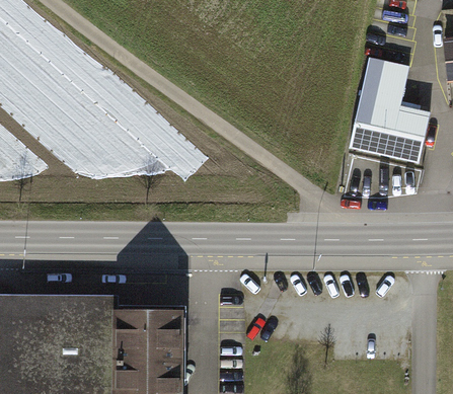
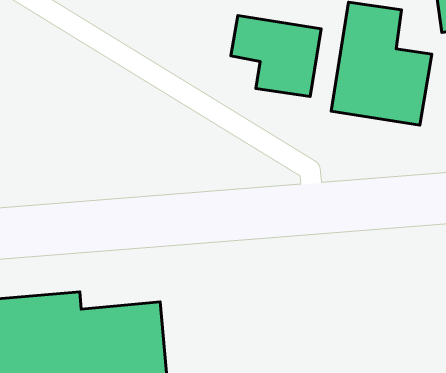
building: none -> [231,16,321,96]

